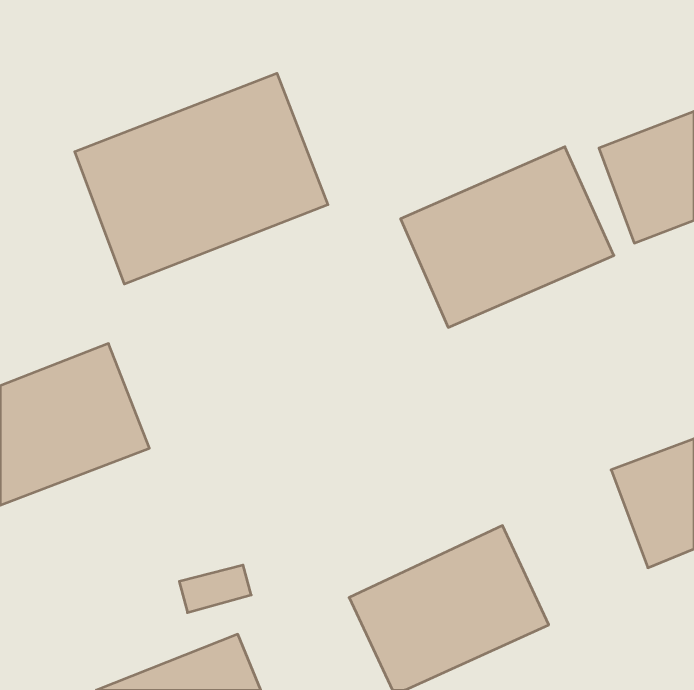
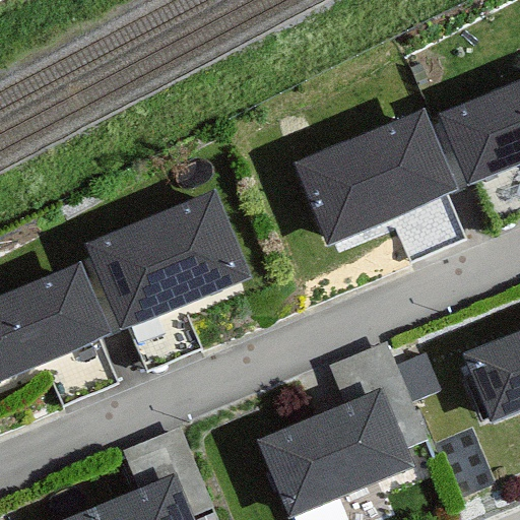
building: [75,73,328,284] -> none
building: none -> [101,198,244,320]

